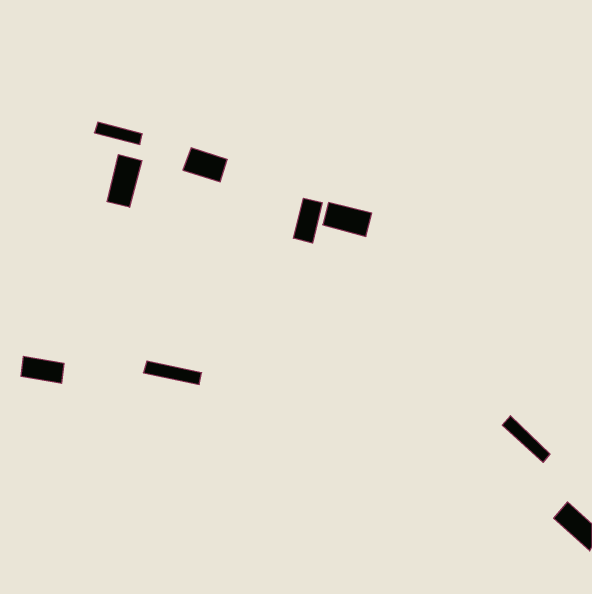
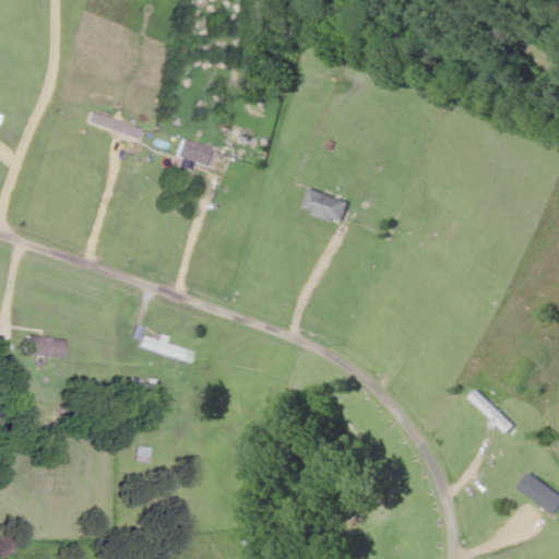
building: [107,155,142,207] -> none
building: [293,198,322,243] -> none

